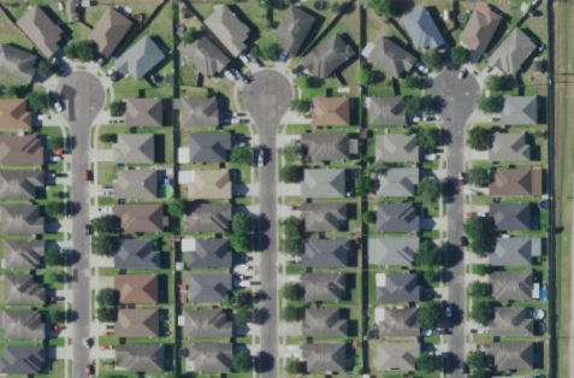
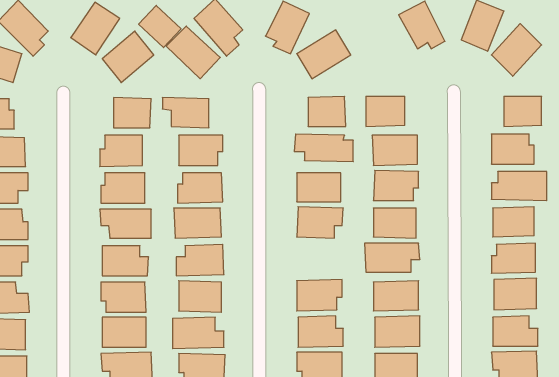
building: none -> [139,5,181,48]
building: [360,35,415,81] -> none
building: [303,238,349,267] -> none

